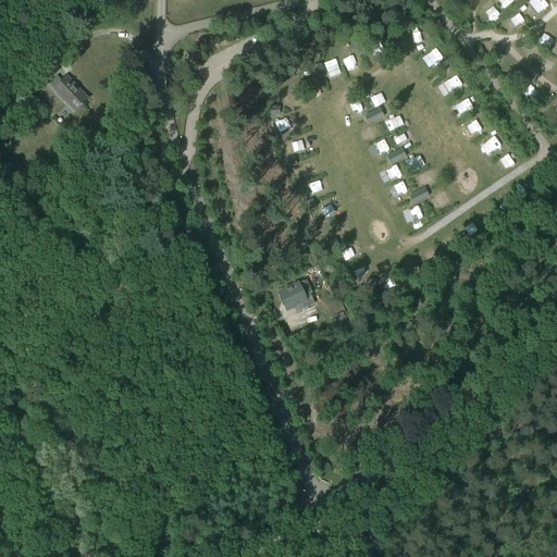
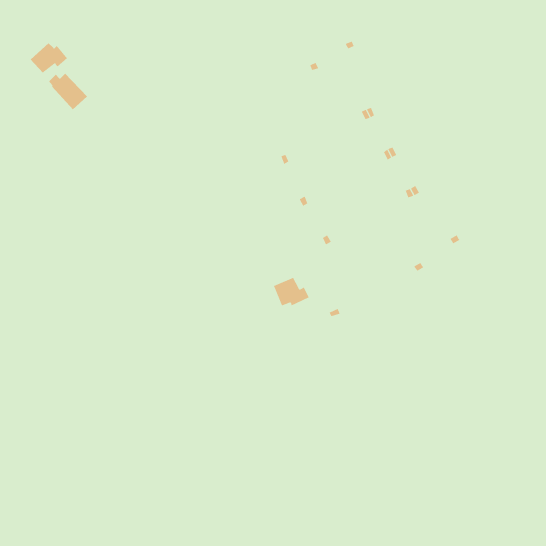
building: none -> [30,42,68,74]

